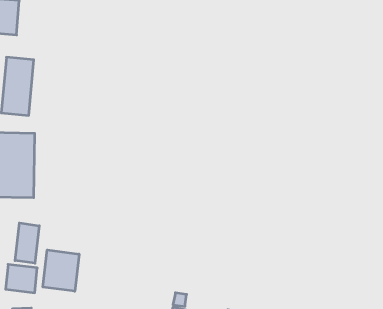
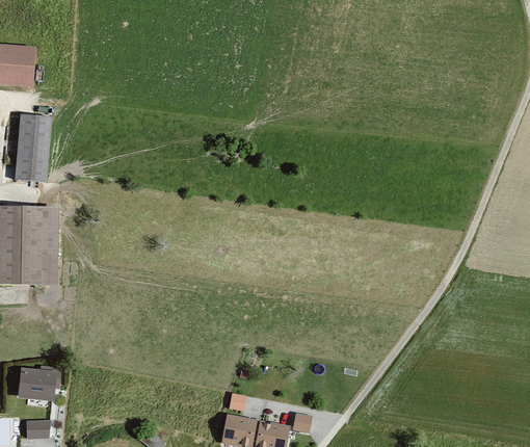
building: [15,223,39,263] -> none
building: [43,250,79,291] -> none

